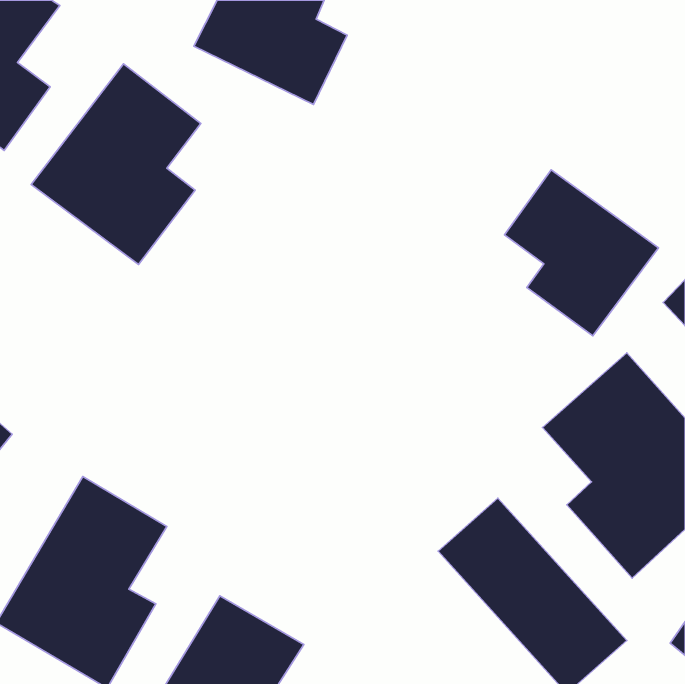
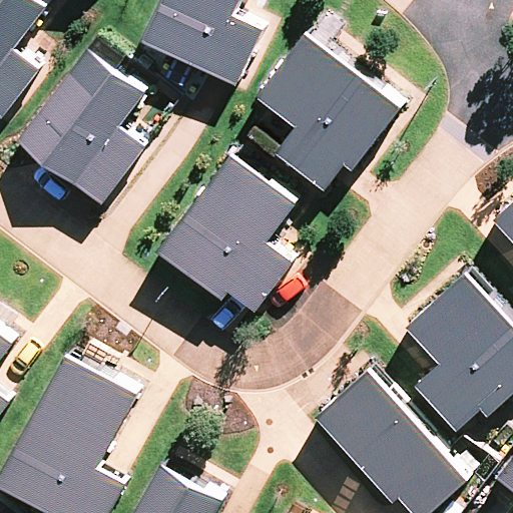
building: none -> [253,35,404,192]
building: [504,170,658,336] -> none
building: none -> [158,157,296,313]

